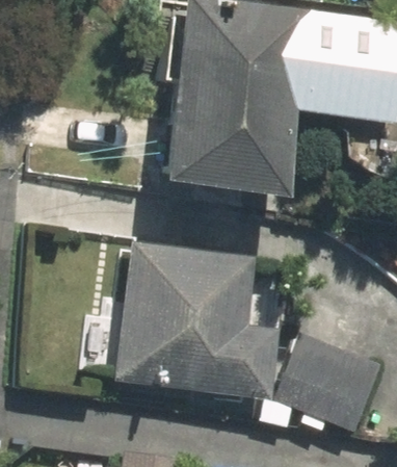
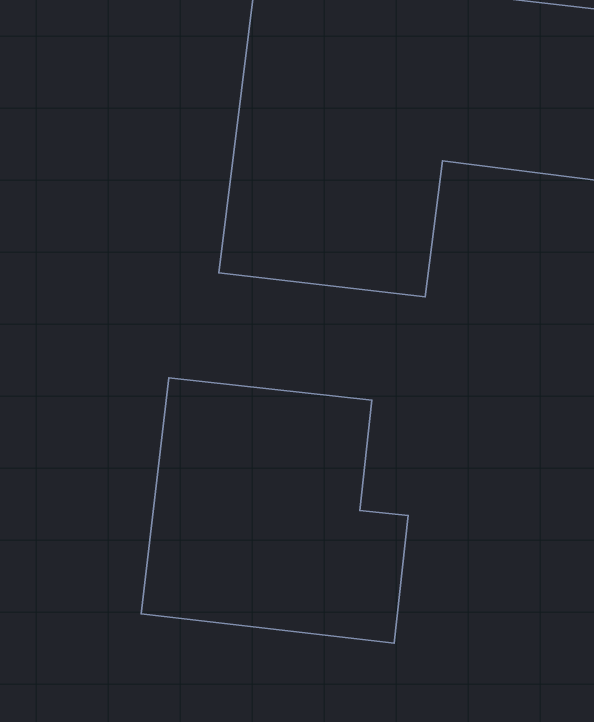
building: [275,332,383,433] -> none

